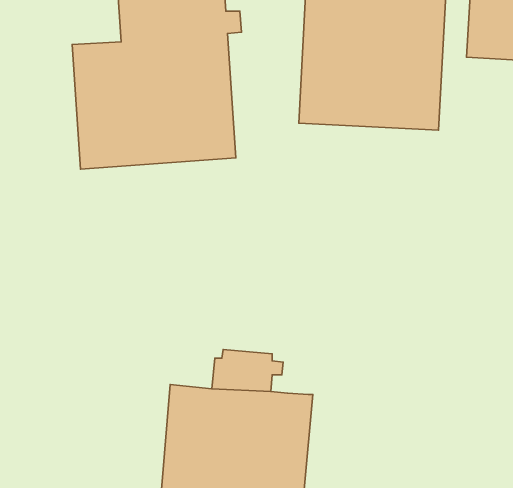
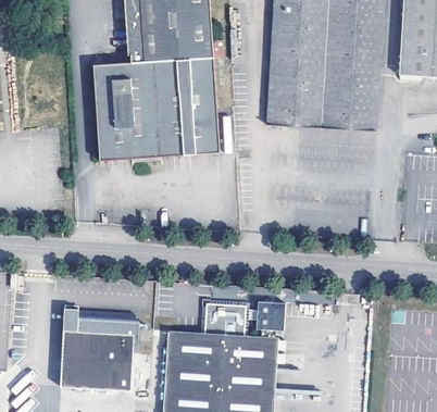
building: none -> [255,301,286,330]
building: none -> [61,307,135,390]

